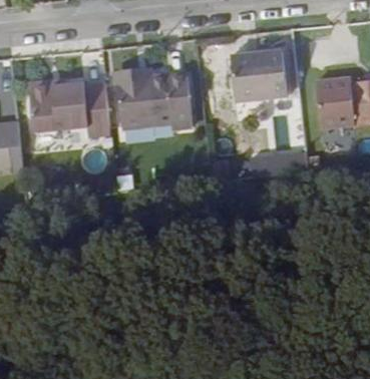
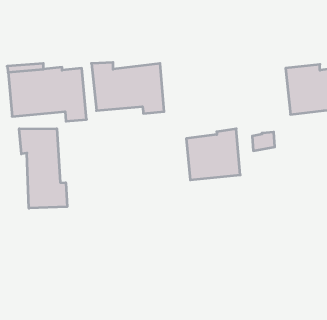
building: [233,51,288,103] -> [186,129,240,180]
building: none -> [19,129,67,208]

